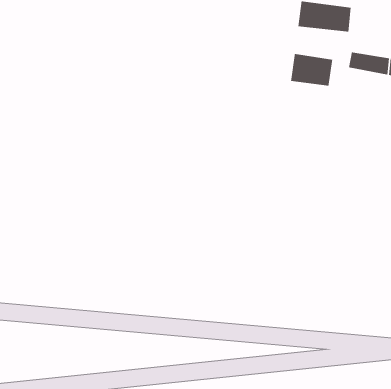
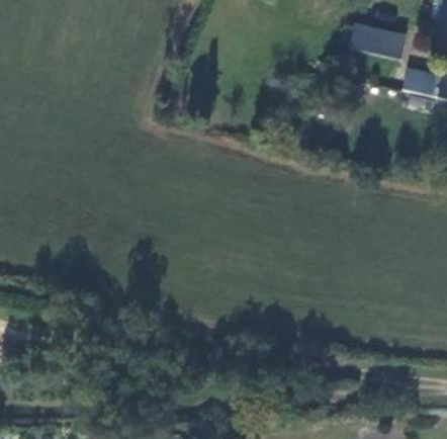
building: [291,53,333,86] -> none

